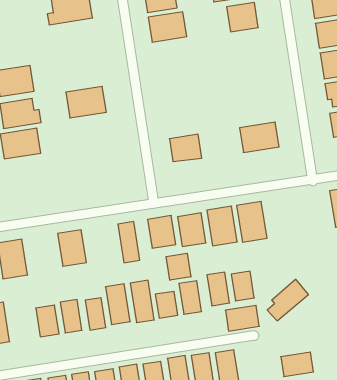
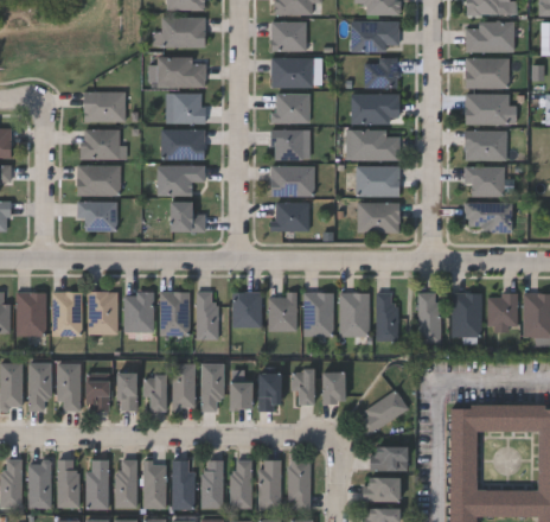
building: none -> [158,57,206,87]
building: none -> [352,94,401,123]
building: none -> [273,94,311,123]
building: none -> [173,94,206,123]
building: none -> [347,132,401,161]
building: none -> [271,130,311,160]
building: none -> [357,167,401,196]
building: none -> [271,166,314,196]
building: none -> [158,166,205,196]
building: none -> [171,203,206,233]
building: none -> [77,203,116,233]
building: none -> [418,293,441,344]
building: none -> [377,293,398,342]
building: none -> [161,293,190,336]
building: none -> [89,293,119,335]
building: [166,253,191,280] -> none
building: none -> [58,364,79,410]
building: [225,305,259,331] -> [370,447,407,472]

